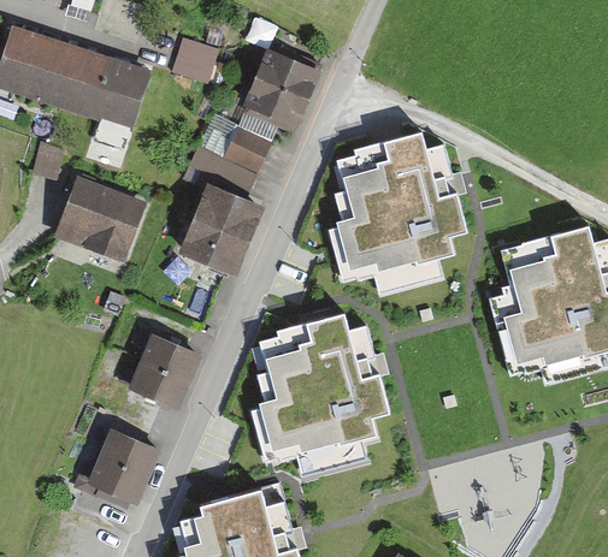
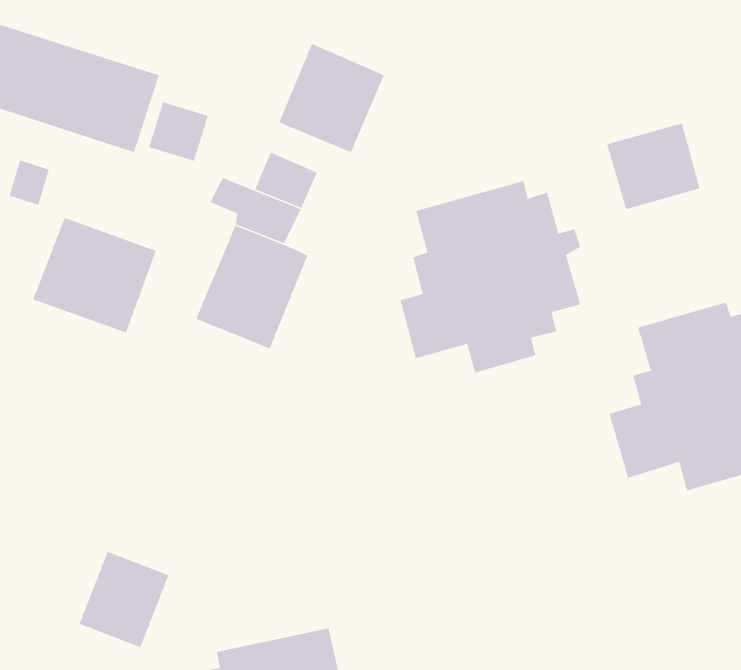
building: [170,37,216,83] -> [148,101,209,162]
building: none -> [606,122,701,210]
building: [249,324,388,470] -> none
building: [129,332,197,404] -> none

